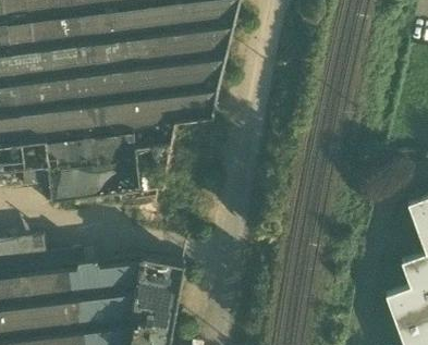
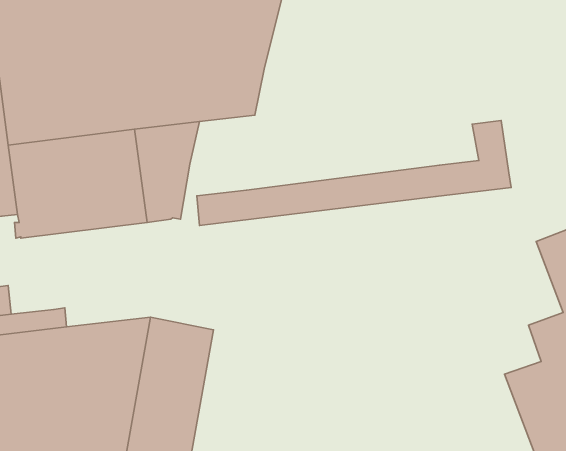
building: none -> [197,120,511,225]

